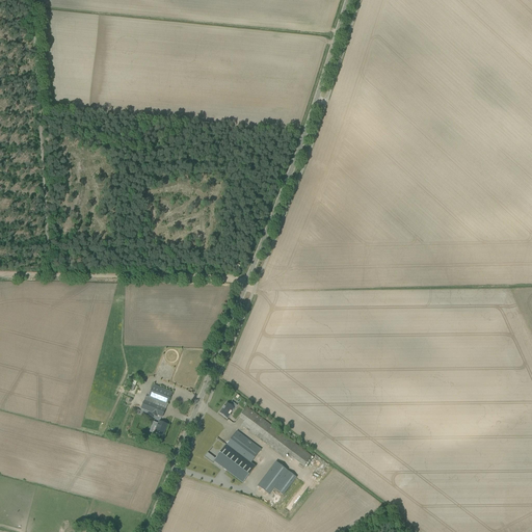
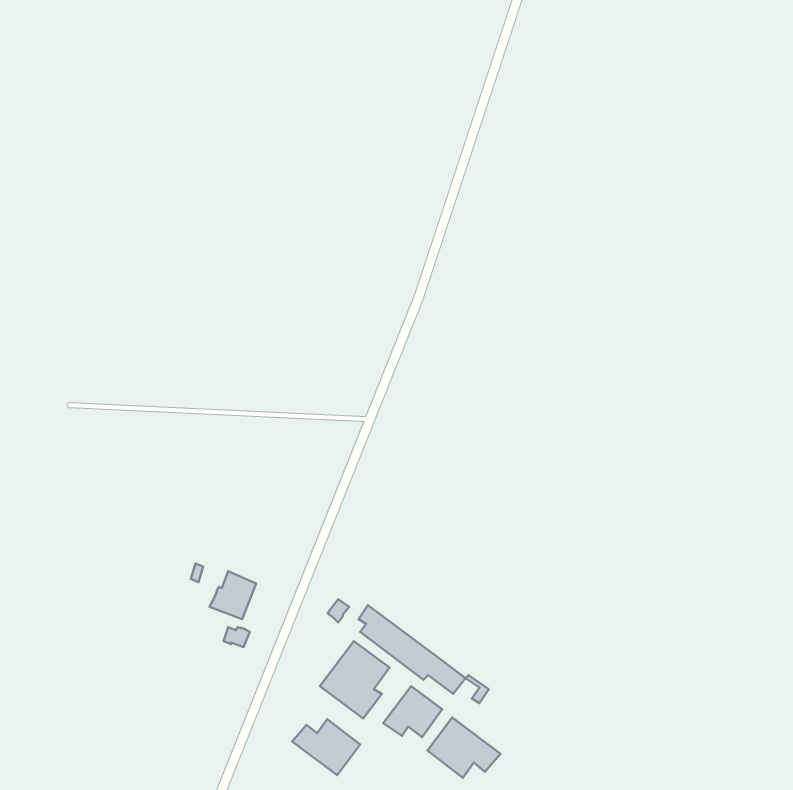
building: none -> [427,718,500,778]
building: none -> [292,719,360,775]

